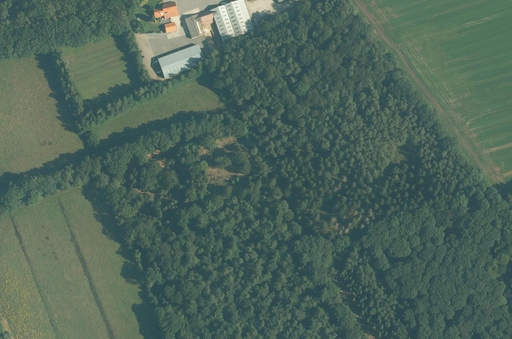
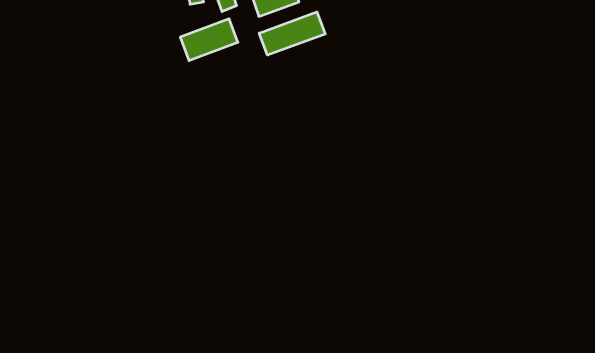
building: none -> [259,12,325,55]

